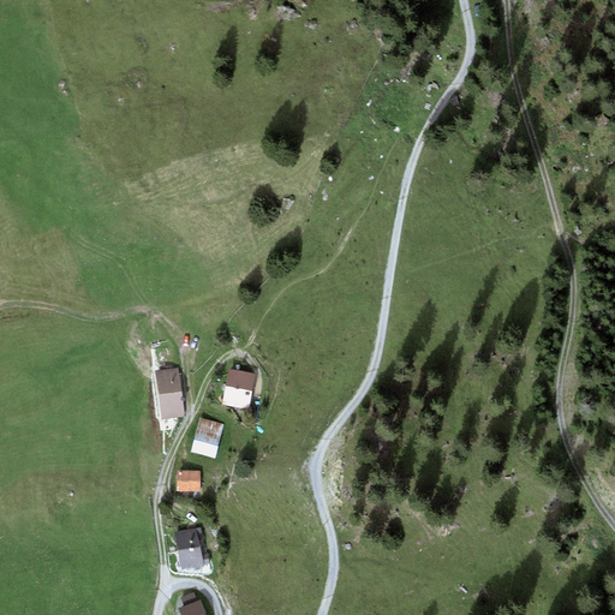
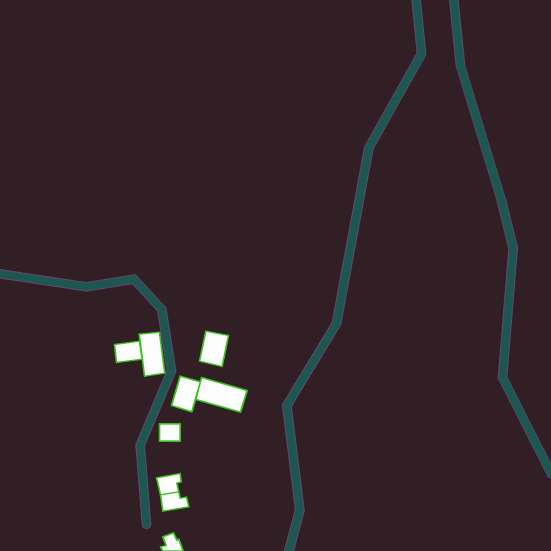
building: none -> [114,341,142,362]
building: none -> [196,378,247,412]

